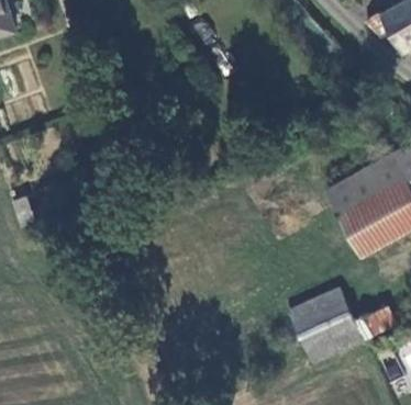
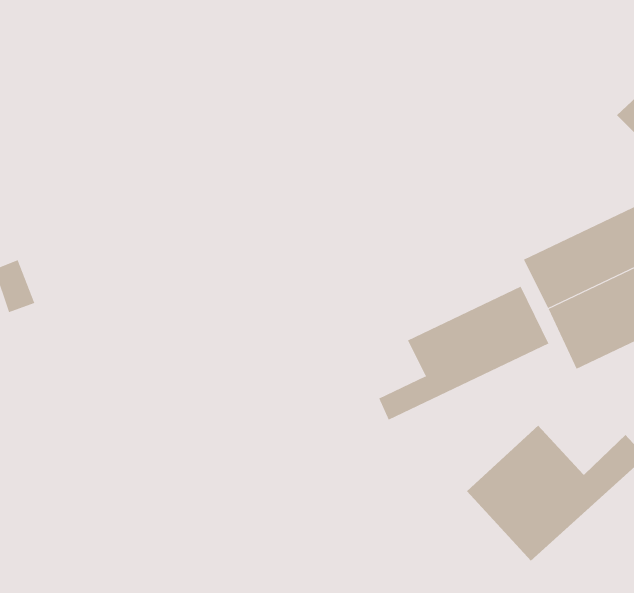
building: none -> [378,286,549,420]

